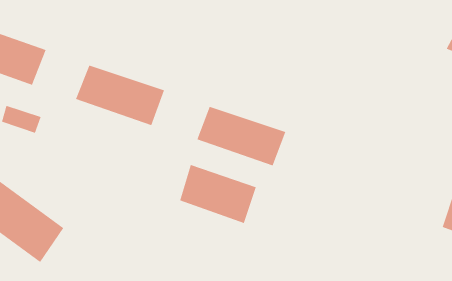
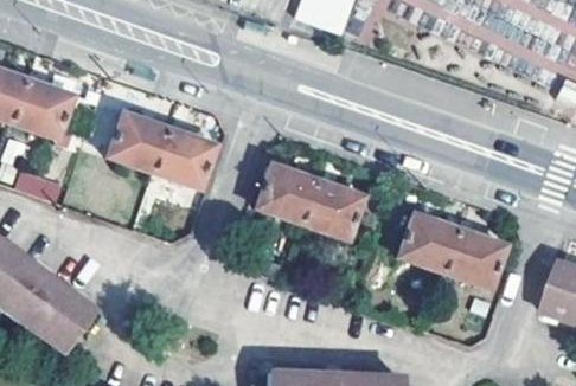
building: none -> [399,212,505,287]
building: [180,164,256,224] -> none

